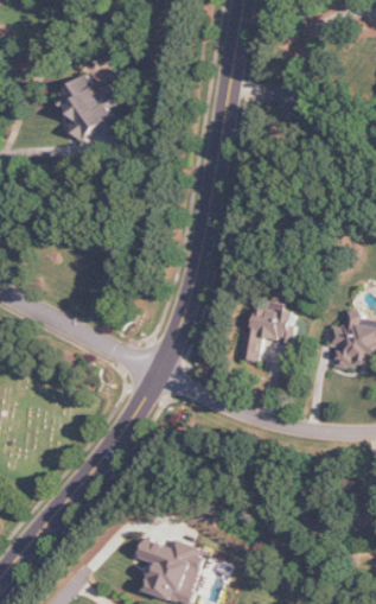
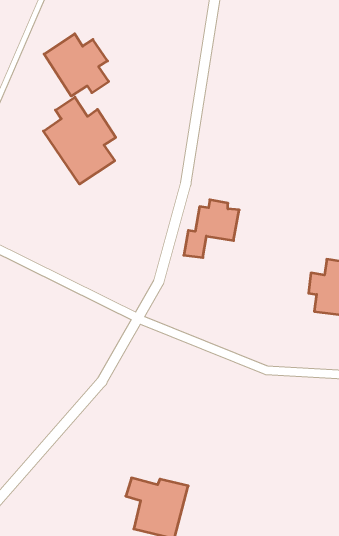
building: none -> [43,97,116,184]
building: [237,300,295,361] -> [184,200,239,258]

